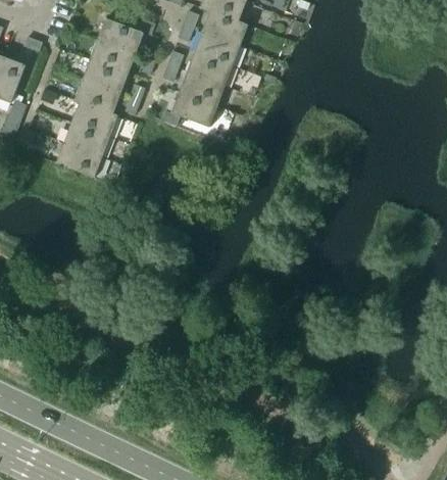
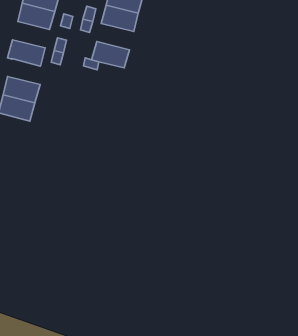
building: [83,60,127,94] -> none
building: [180,73,224,106] -> none
building: [72,102,116,136] -> none

